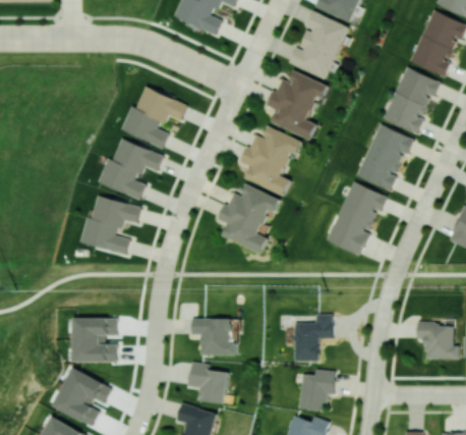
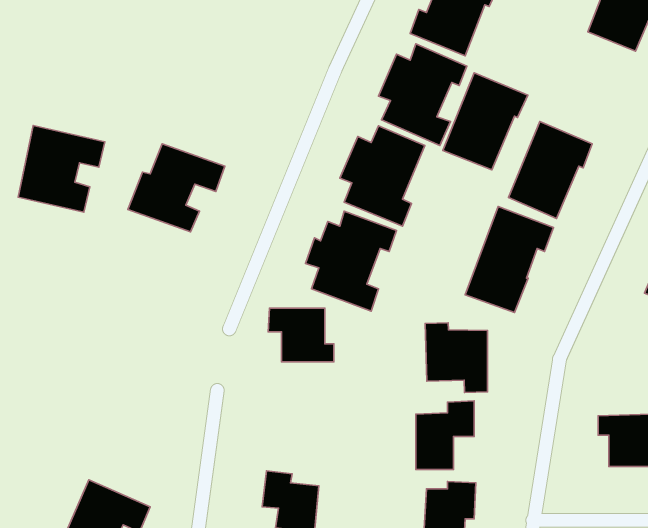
building: [384,66,442,132] -> [443,73,528,170]
building: [121,86,188,148] -> none
building: [82,195,141,254] -> [18,125,105,212]
building: none -> [425,323,488,392]
building: [73,318,117,362] -> none
building: [192,318,237,355] -> [268,308,334,362]

